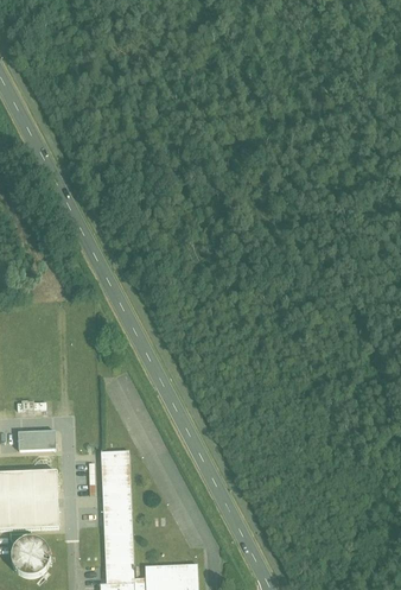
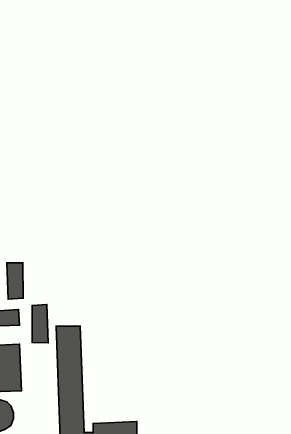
building: none -> [7,263,23,299]
building: none -> [32,305,48,343]

